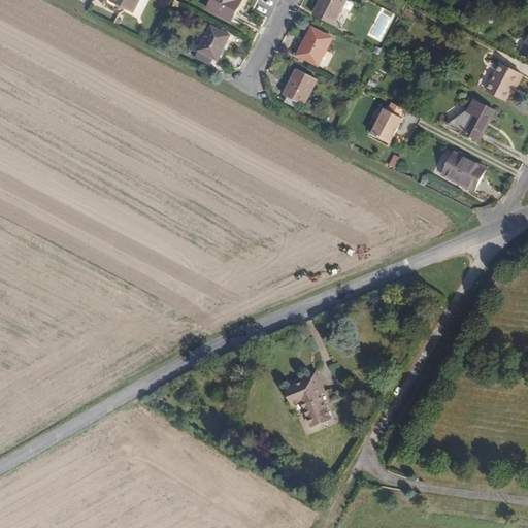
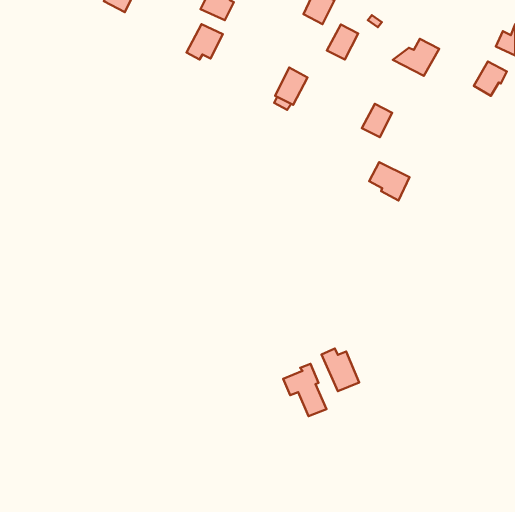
building: [296,30,328,66] -> [327,24,358,60]
building: [443,98,491,136] -> [393,39,439,76]
building: [442,150,484,189] -> [369,162,410,200]
building: none -> [322,348,359,391]

